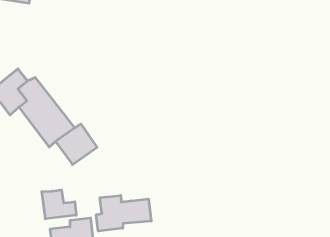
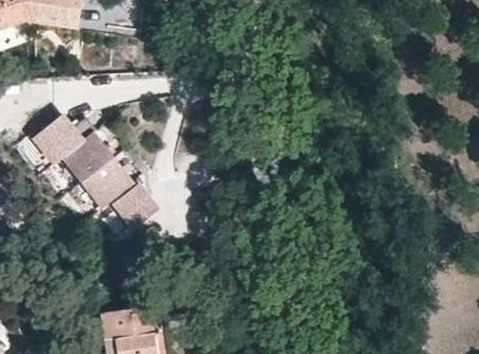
building: [42,190,76,219] -> none
building: [96,195,151,231] -> none

